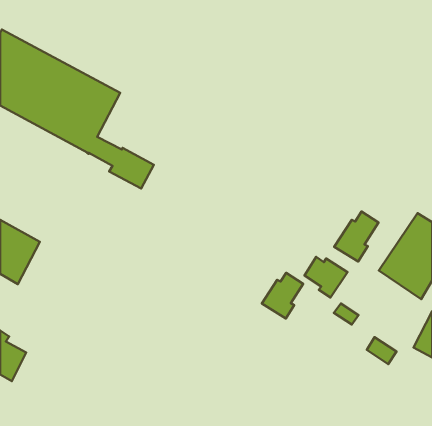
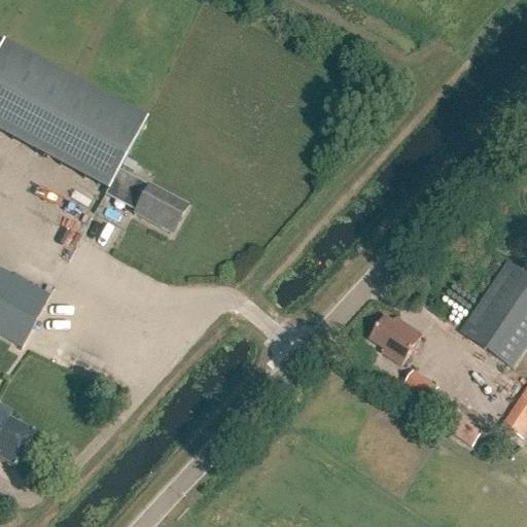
building: [334,212,378,262] -> none
building: [262,273,303,318] -> none

